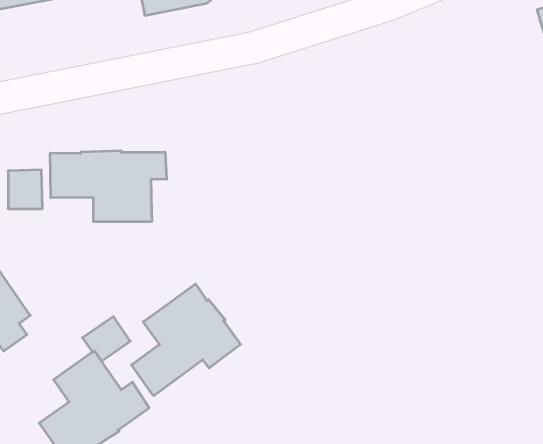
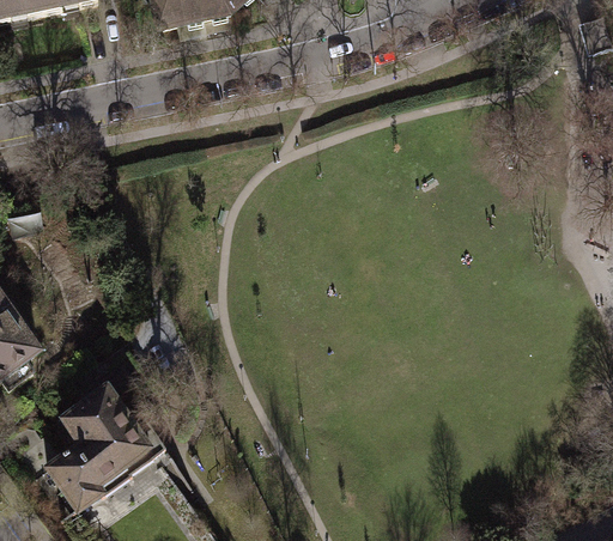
building: [50,151,167,222] -> none
building: [131,284,240,396] -> none

